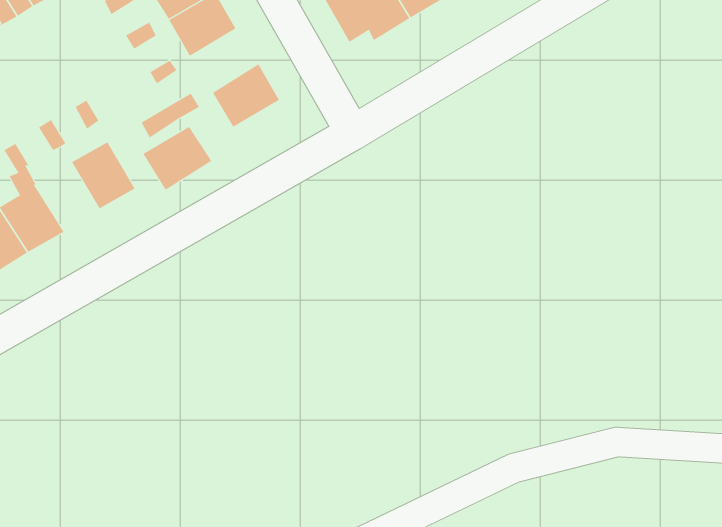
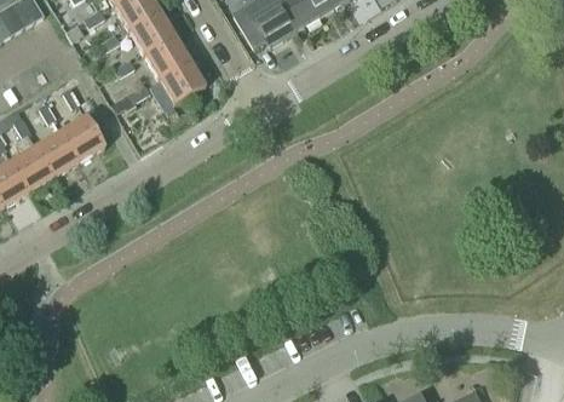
building: [143,126,212,190] -> [142,36,190,81]
building: none -> [34,130,79,178]

